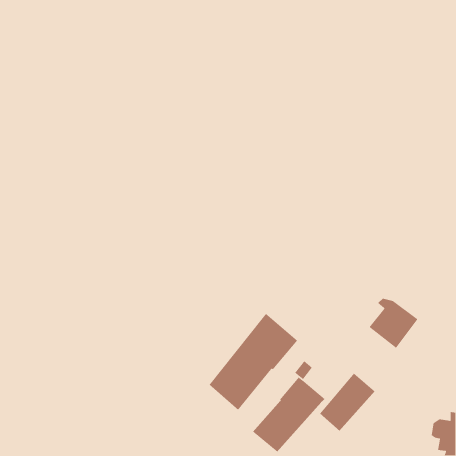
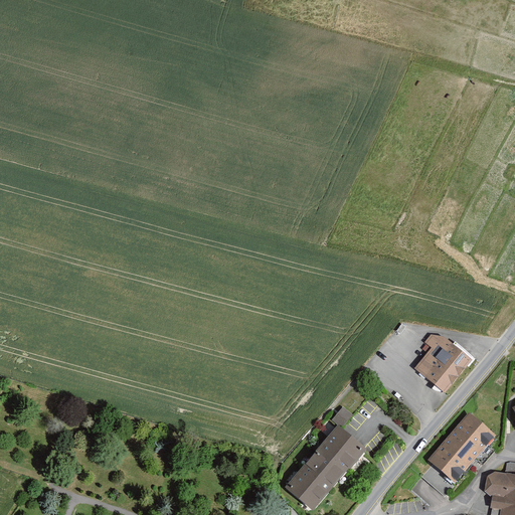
building: [208,313,298,411] -> none
building: [319,372,375,431] -> [430,414,493,481]

